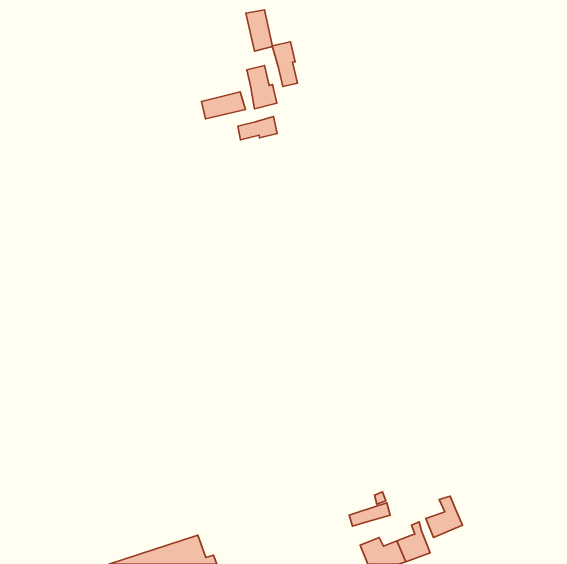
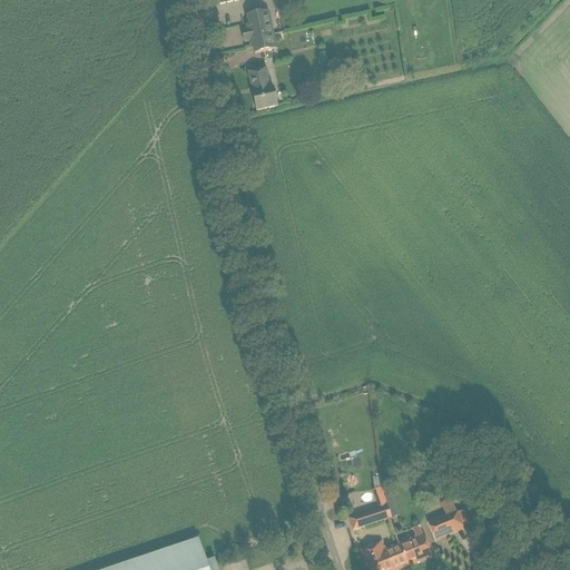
building: [272,42,298,86] -> none
building: [202,92,245,119] -> none
building: [238,117,277,140] -> none

